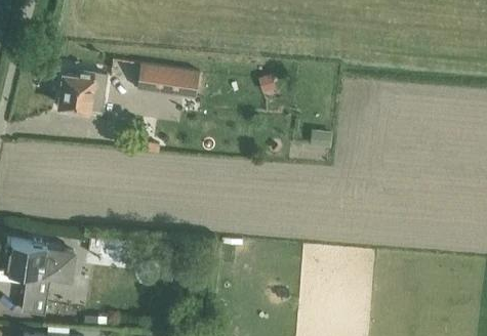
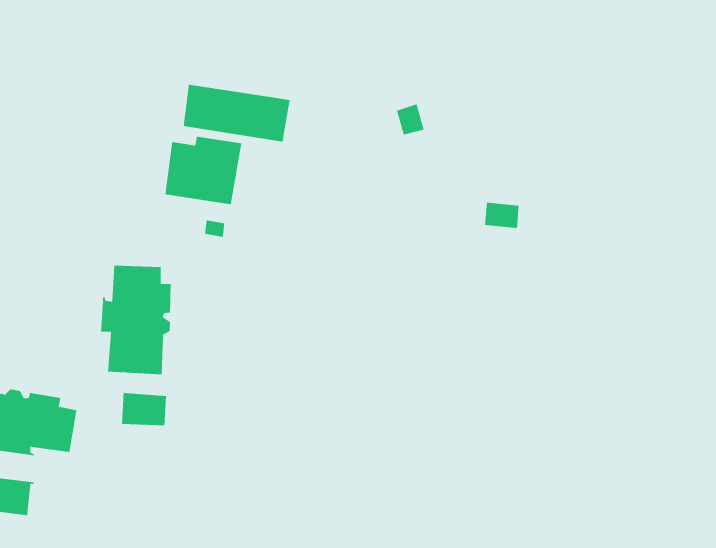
building: [59,71,105,111] -> [165,136,242,205]
building: none -> [101,265,171,375]

